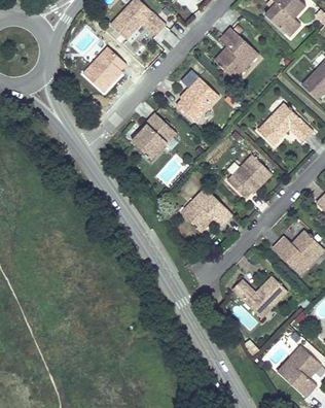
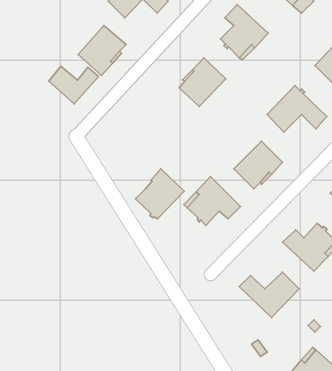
building: none -> [49,66,98,104]
building: [131,112,176,159] -> [135,169,184,219]

